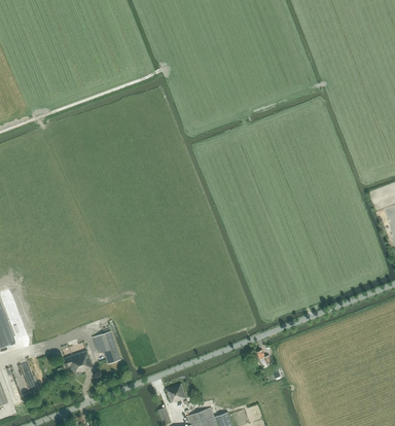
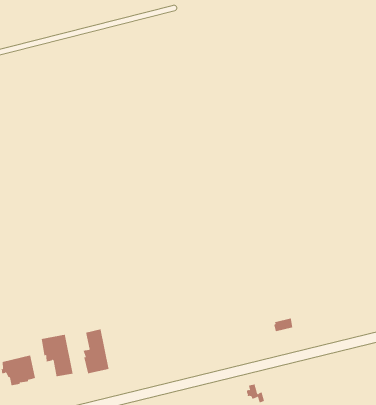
building: none -> [83,328,109,374]

